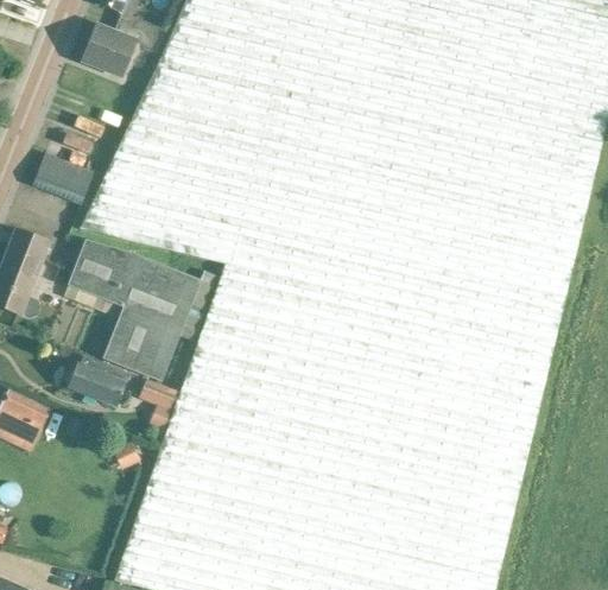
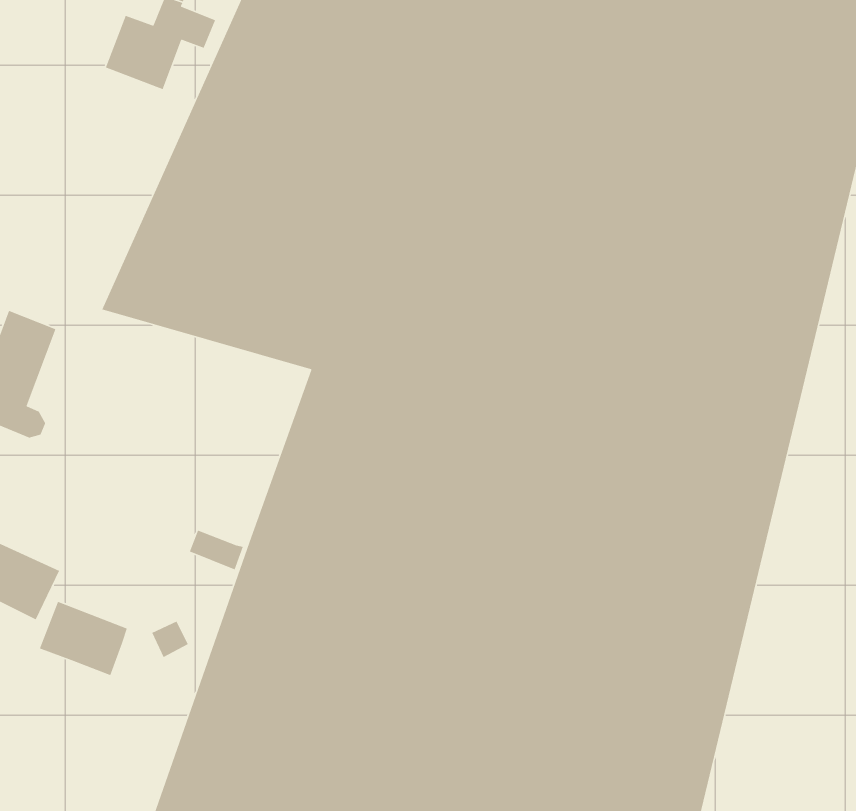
building: [34,156,94,205] -> none
building: [65,242,218,382] -> none
building: [69,356,131,408] -> [39,601,128,676]

